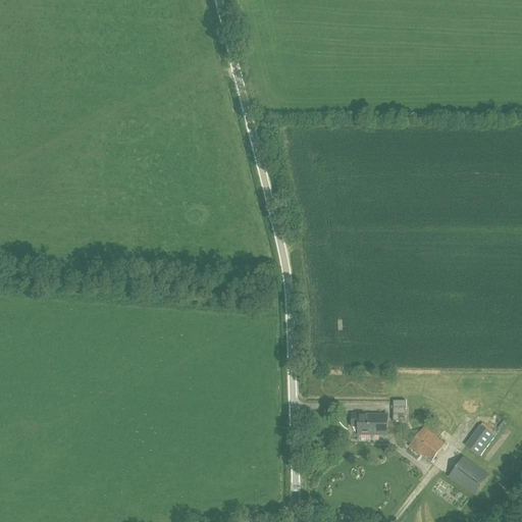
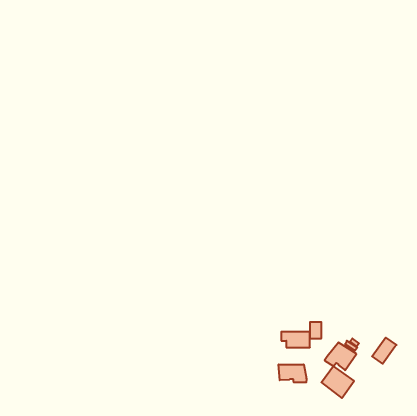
building: none -> [279,364,306,382]
building: [448,455,488,494] -> [321,366,354,398]

